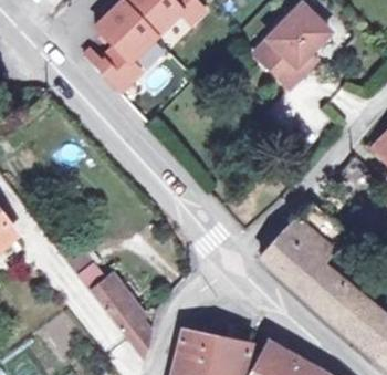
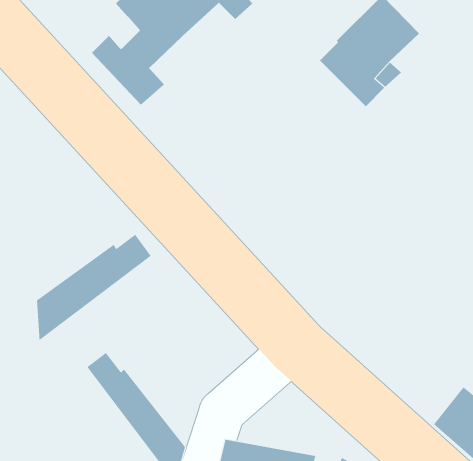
building: none -> [36,234,152,341]
building: [262,201,359,319] -> none

